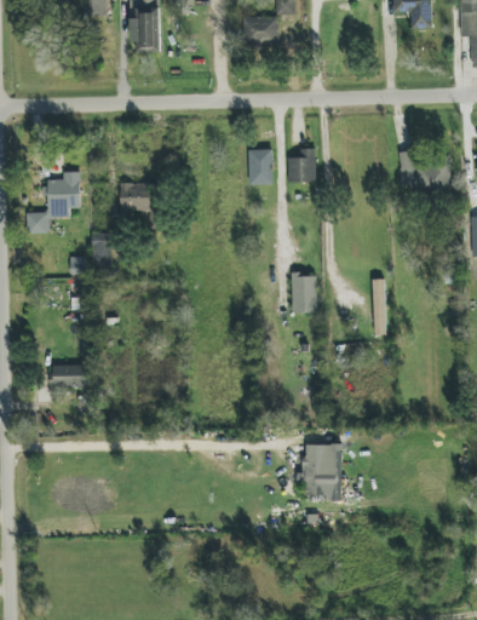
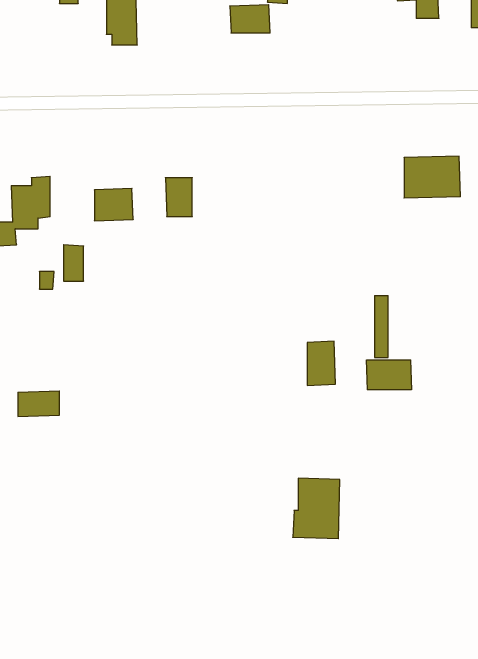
building: [288,148,316,182] -> none
building: [248,149,272,184] -> [165,178,192,217]
building: [292,272,317,312] -> [307,341,335,385]
building: none -> [367,360,411,390]

